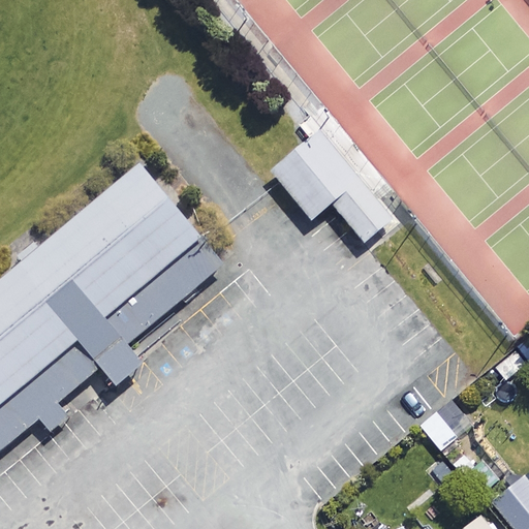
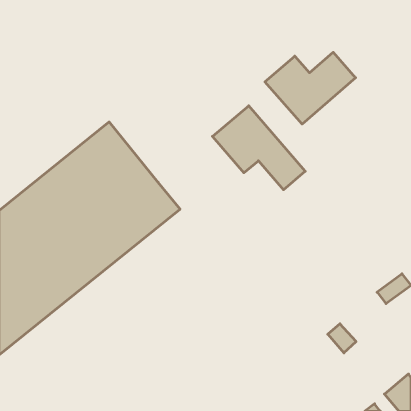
building: none -> [265,52,356,124]

